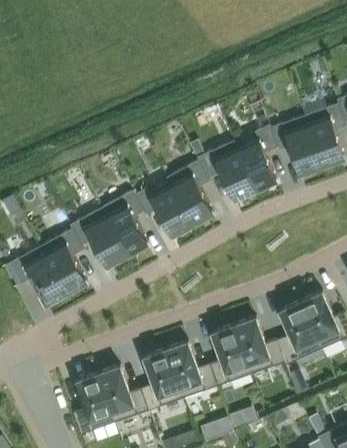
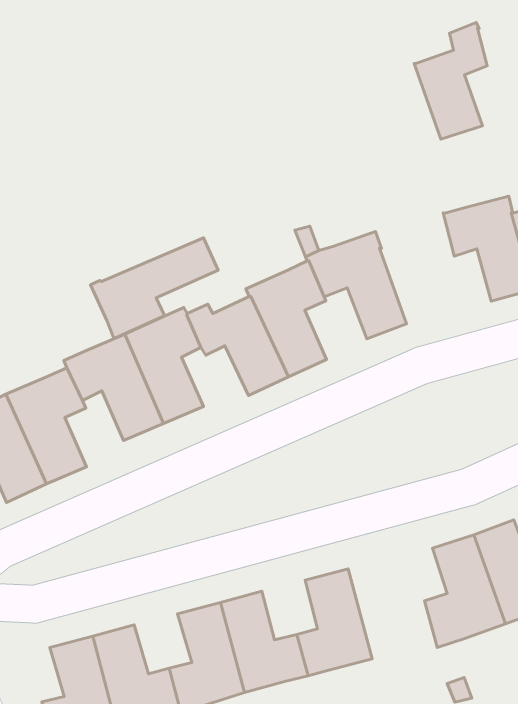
building: [236,125,276,190] -> [414,23,487,139]
building: none -> [91,238,218,338]
building: [233,318,284,374] -> none

